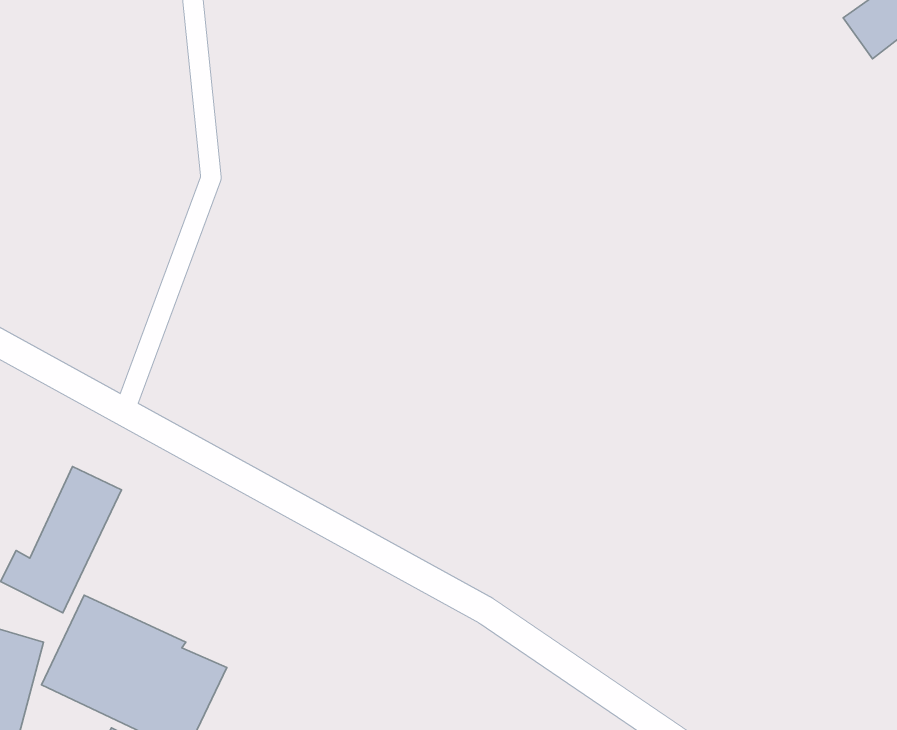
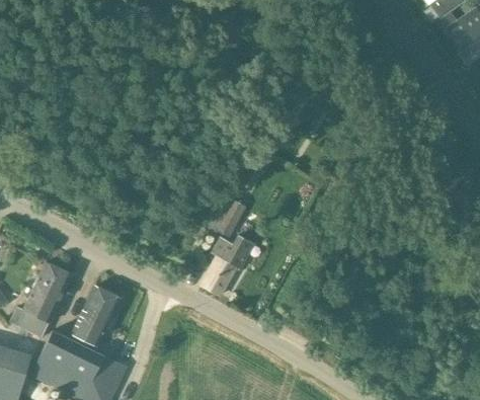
building: none -> [213,198,246,238]
building: none -> [203,235,253,295]
building: none -> [73,287,119,344]

